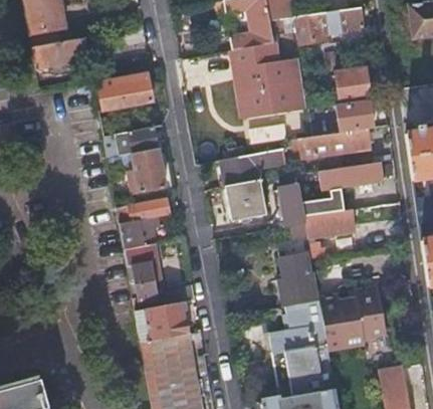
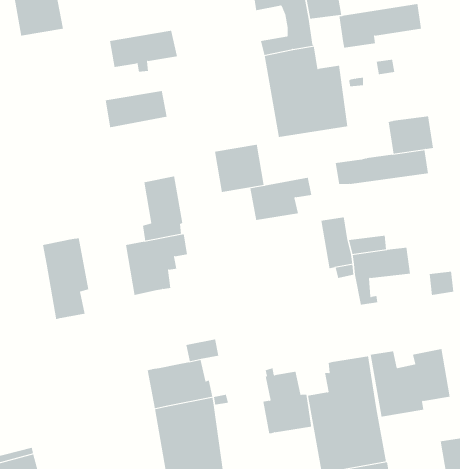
building: [32,37,89,72] -> [109,30,178,72]
building: [336,67,370,104] -> none
building: [120,127,158,156] -> none
building: [319,161,385,189] -> none
building: [225,181,267,221] -> [214,144,265,192]
building: [124,243,163,312] -> [42,238,89,320]
building: [278,250,319,305] -> [262,368,312,434]

